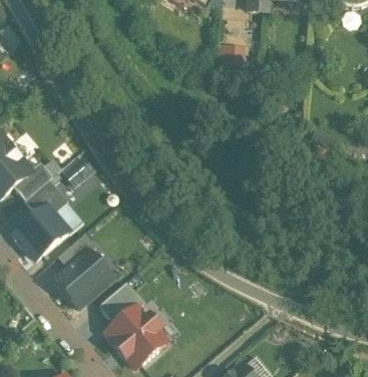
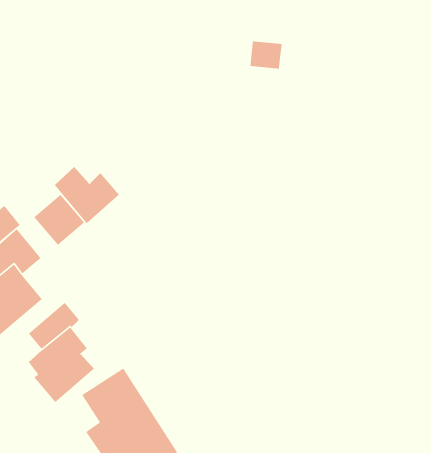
building: none -> [54,166,120,224]

